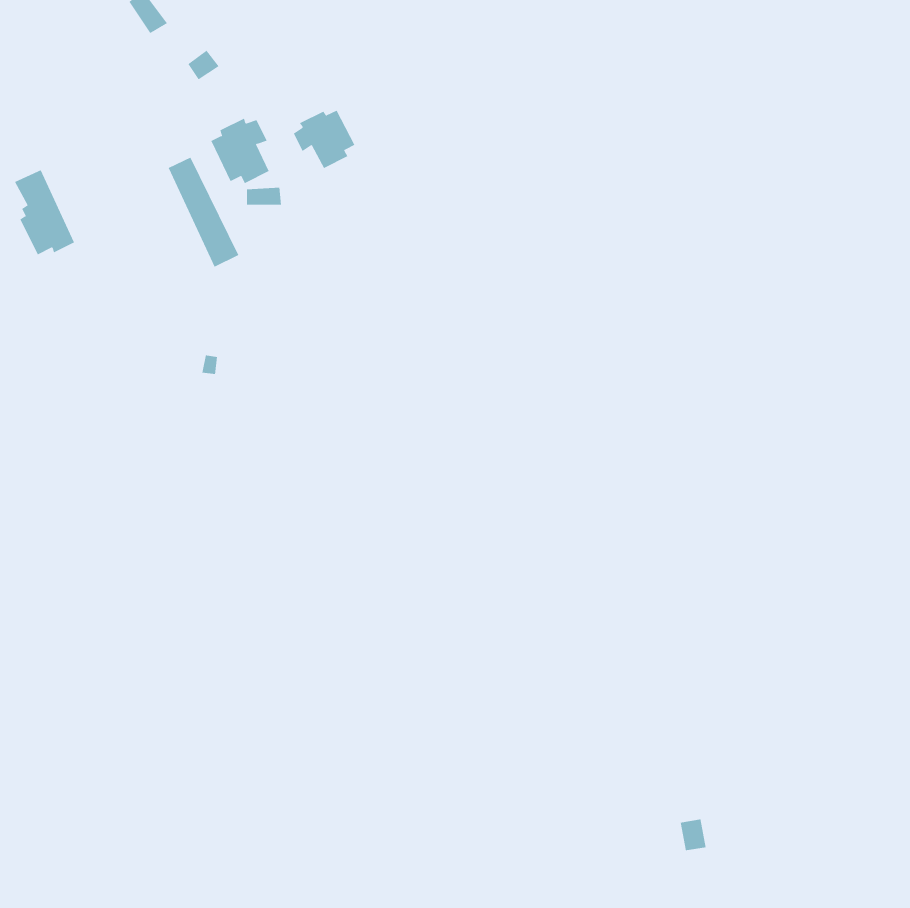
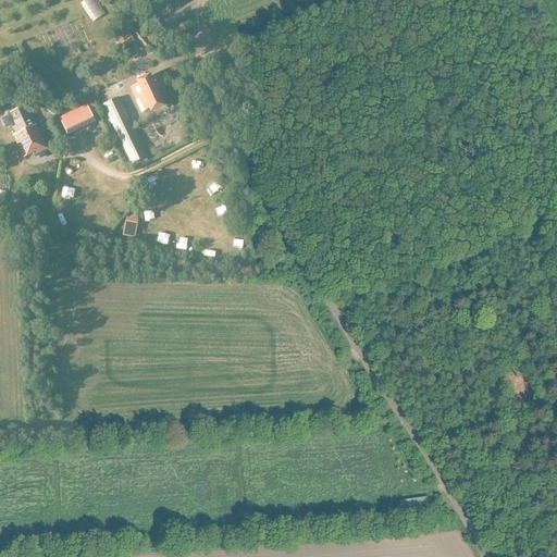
building: [293,110,355,169] -> none
building: none -> [59,103,96,134]

